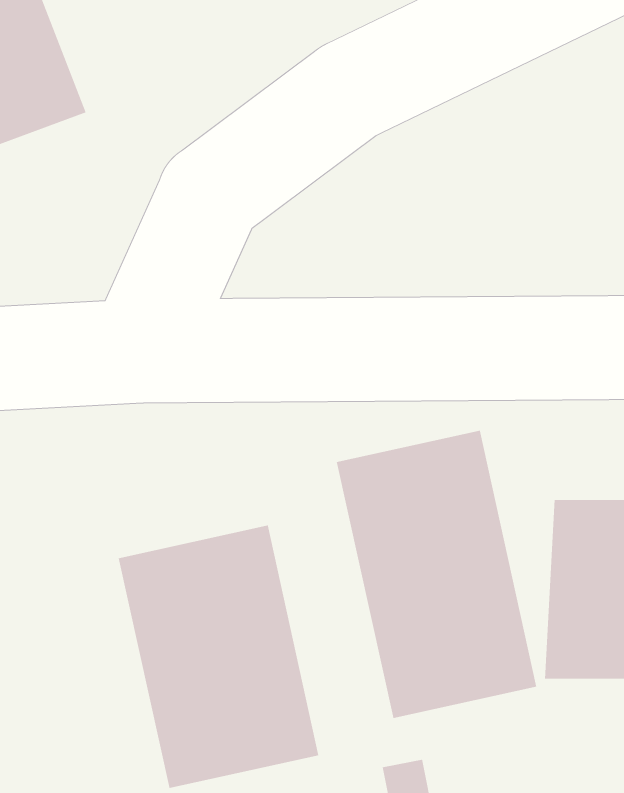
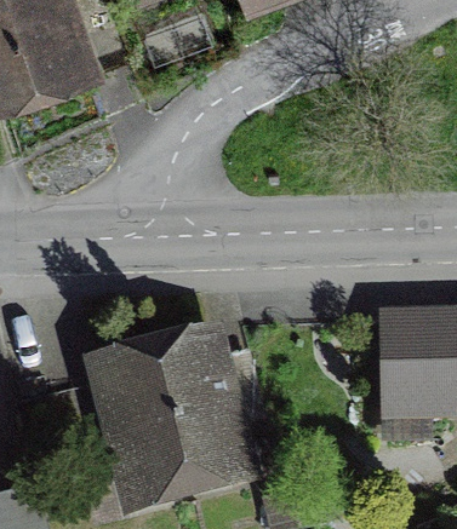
building: [336,430,537,719] -> none

